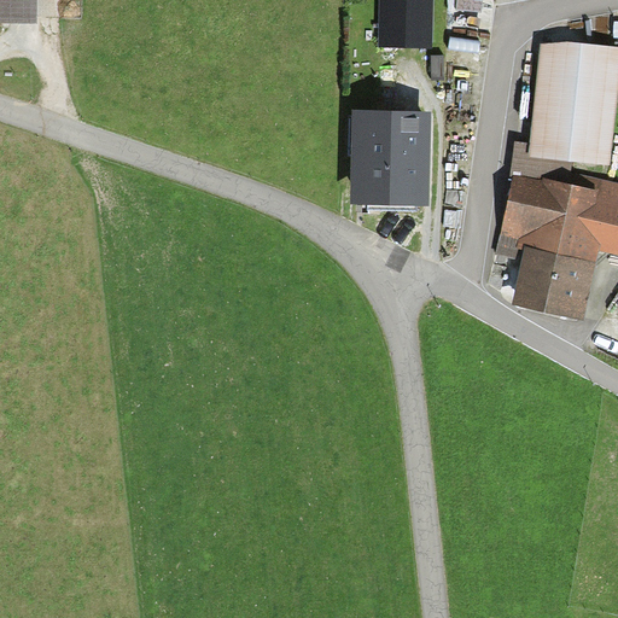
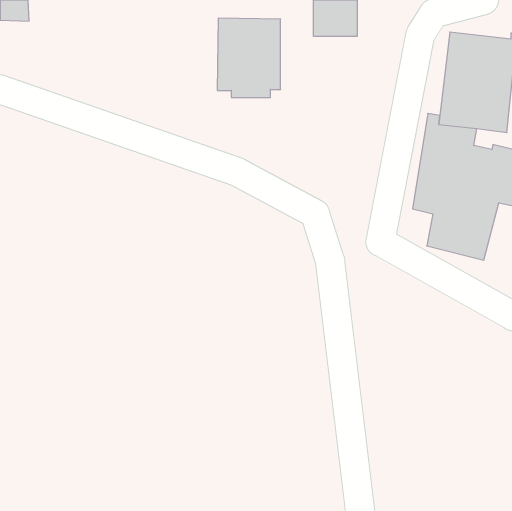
building: [354,111,430,206] -> [217,18,281,97]

